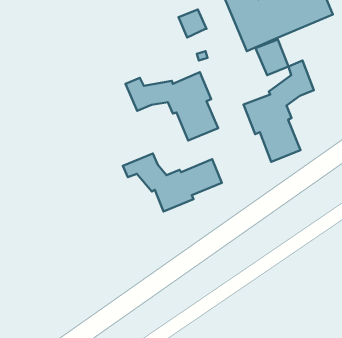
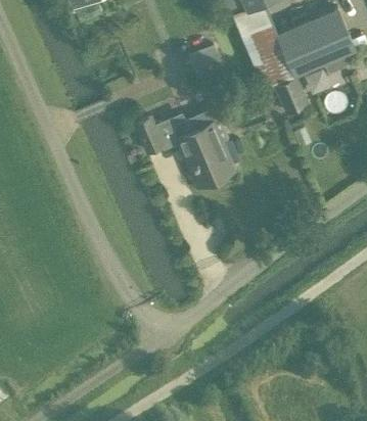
building: [244,61,314,162] -> none
building: [123,153,222,211] -> none

